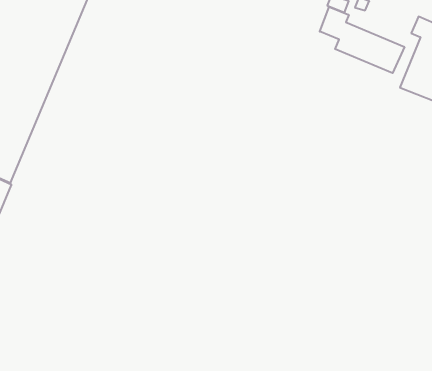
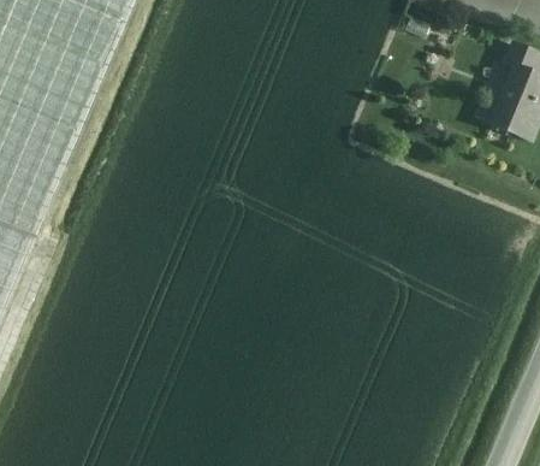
building: [320,7,404,73] -> none

